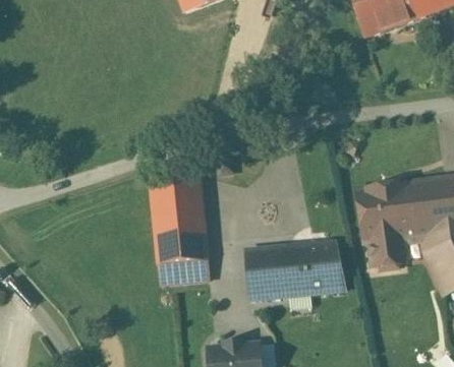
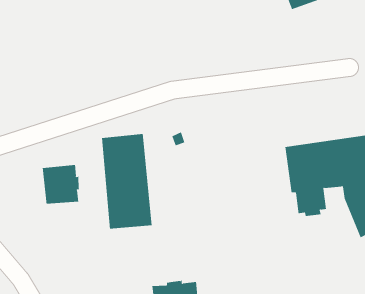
building: none -> [42,164,80,205]
building: [247,242,344,299] -> none

